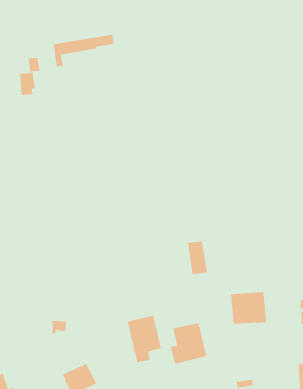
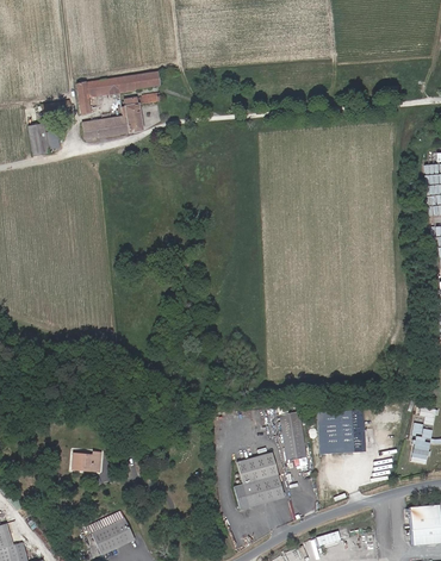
building: none -> [83,89,162,137]
building: [187,241,208,274] -> [284,416,311,461]
building: [127,315,162,363] -> none

